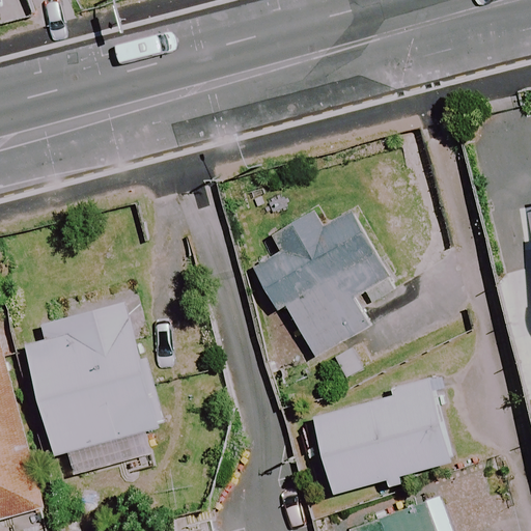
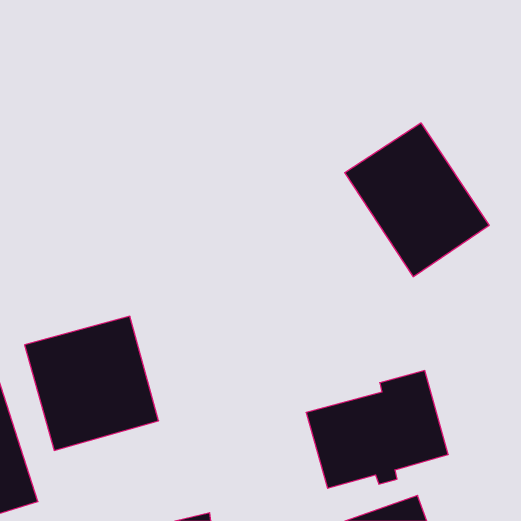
building: none -> [345,123,489,277]
building: [250,206,393,356] -> none

